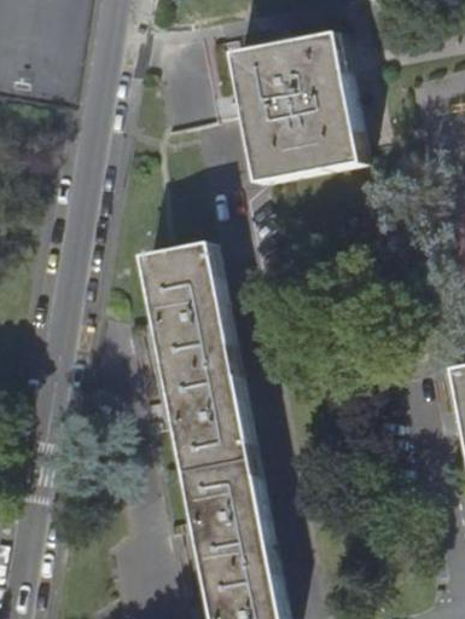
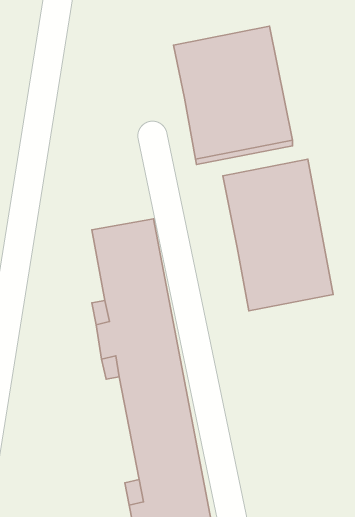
building: none -> [223,159,333,311]

